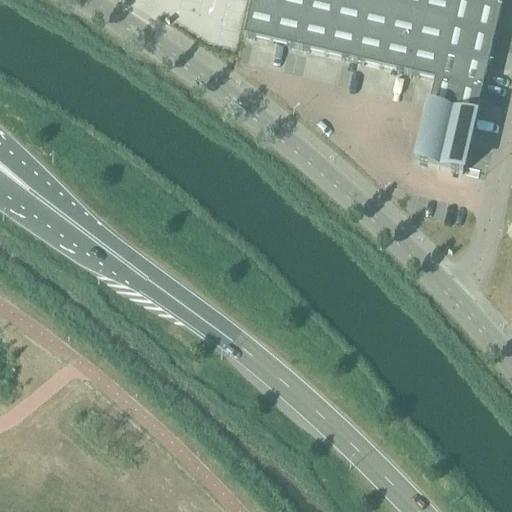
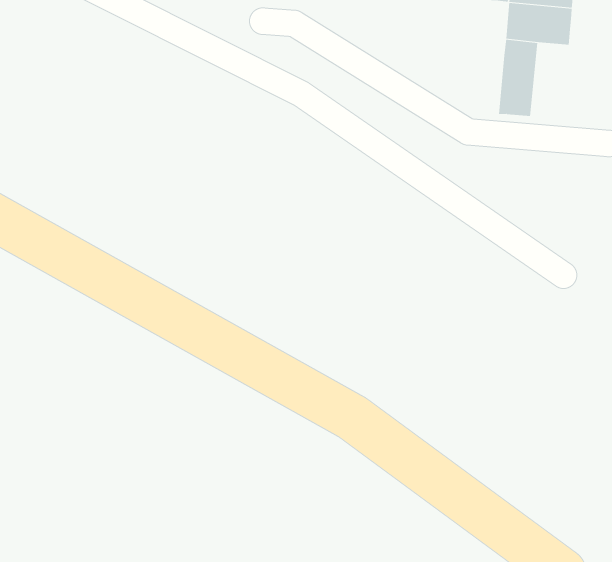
building: [439,107,475,167] -> none

